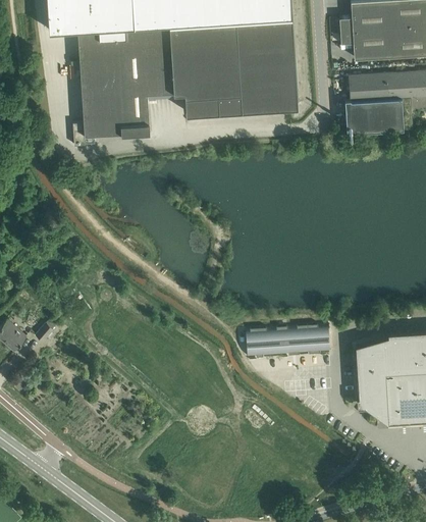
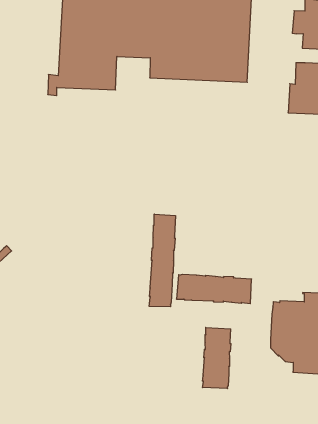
building: none -> [149,214,175,307]
building: none -> [202,327,231,389]

